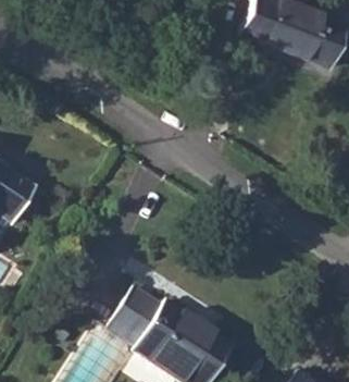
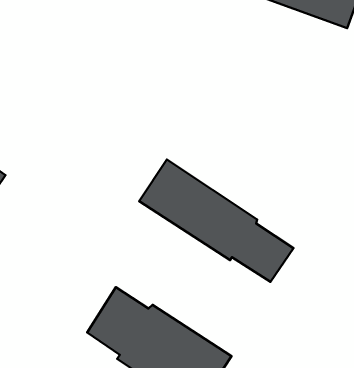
building: none -> [139,159,294,282]

